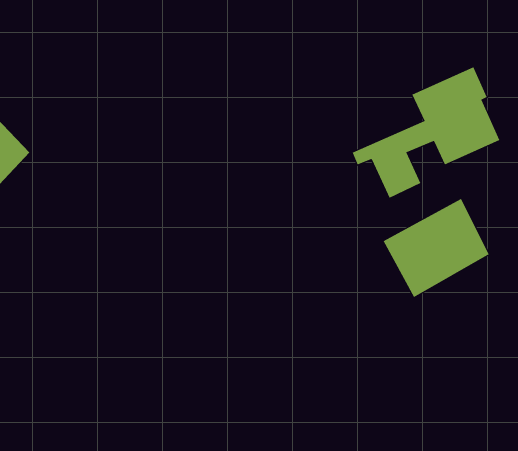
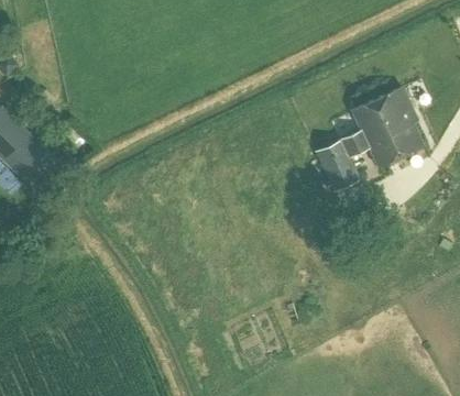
building: [383,198,489,298] -> none

